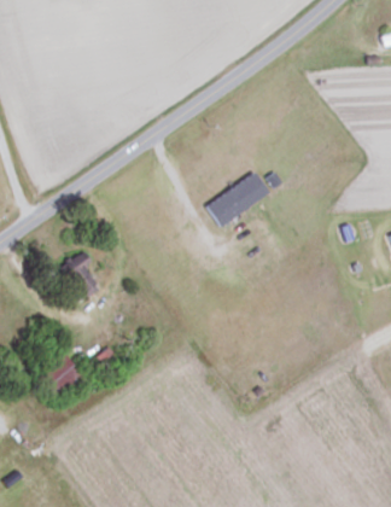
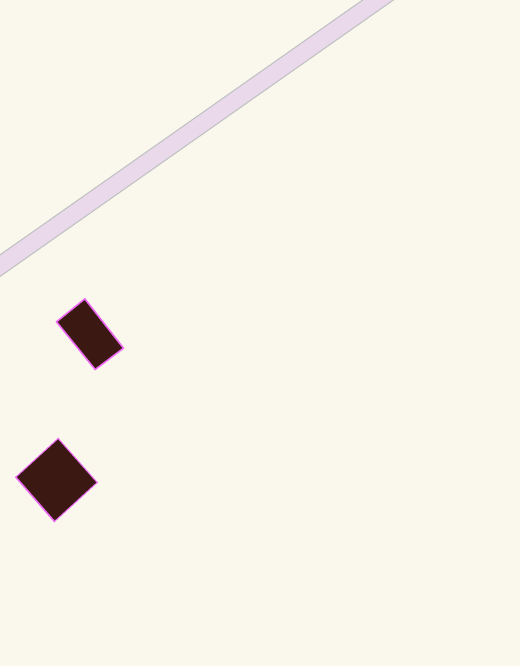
building: [205,171,270,228] -> none

